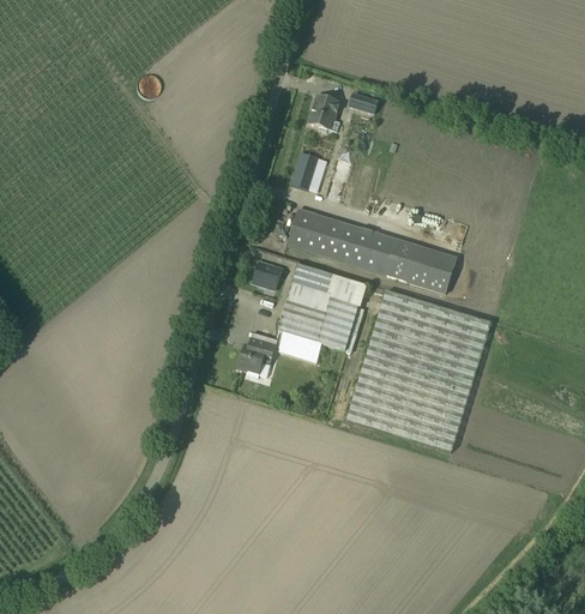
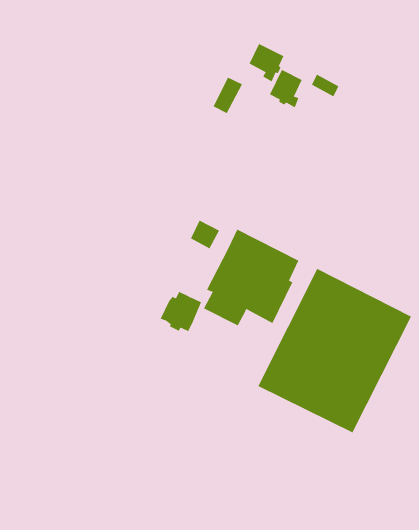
building: none -> [249,43,284,82]
building: [291,151,318,188] -> [213,77,243,114]
building: [288,210,456,291] -> none

